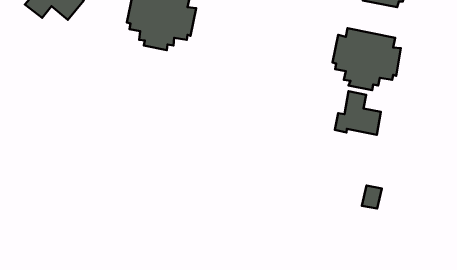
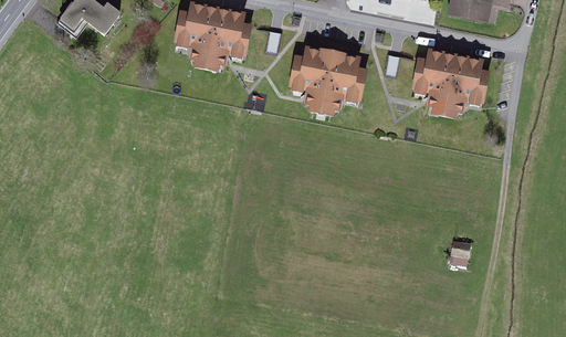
building: none -> [289,44,368,116]
building: [335,91,381,135] -> none

